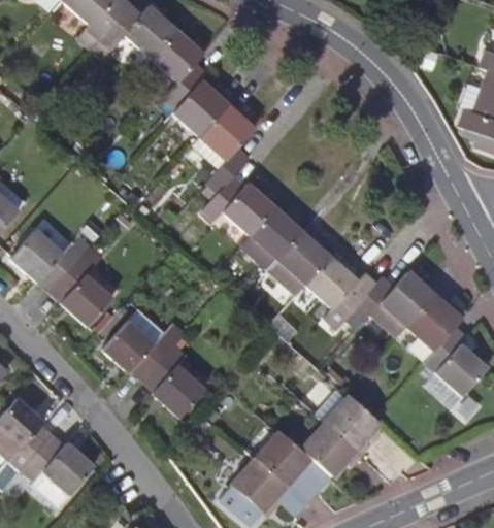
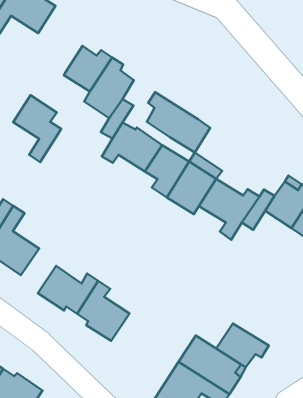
building: [153,29,206,107] -> [13,95,61,162]
building: none -> [147,92,210,153]
building: [315,392,377,456] -> none

